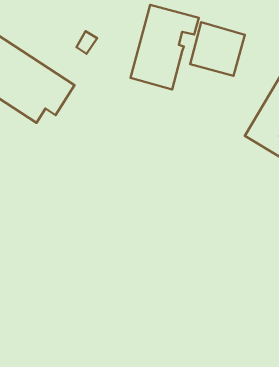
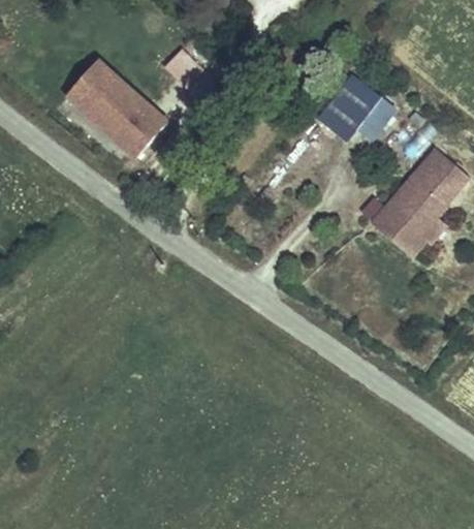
building: [130,5,199,90] -> none

